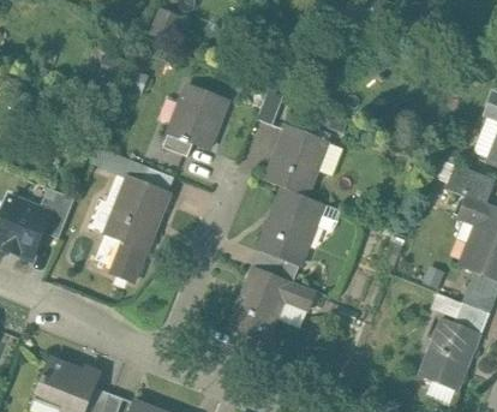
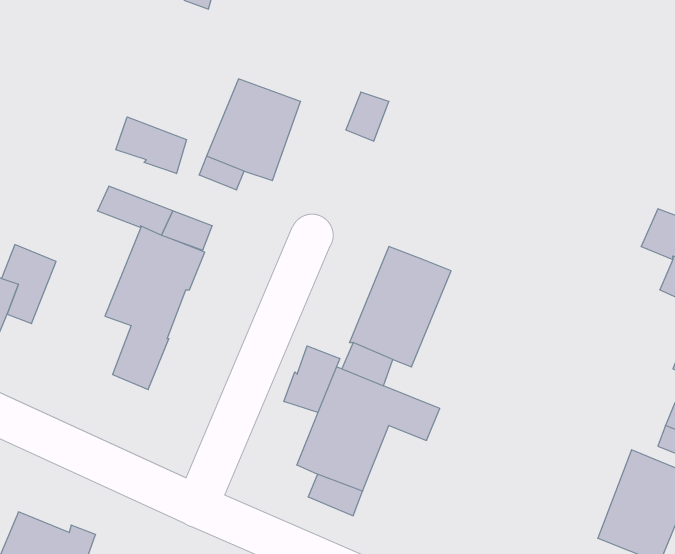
building: none -> [116,117,187,174]
building: [268,126,329,197] -> none
building: none -> [284,346,340,413]

